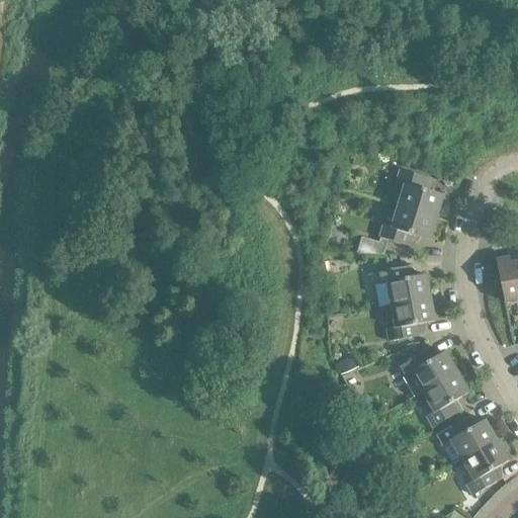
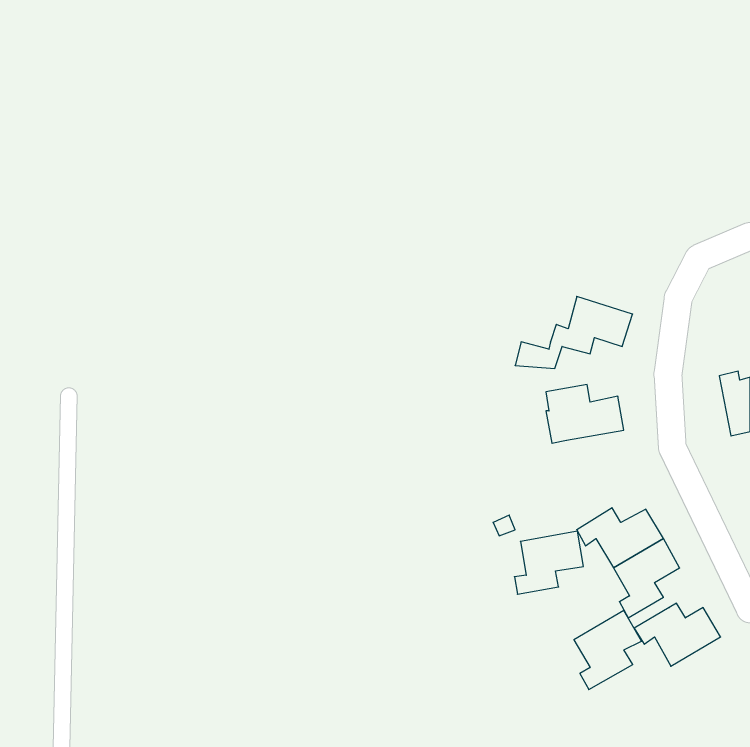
building: [397,168,443,217] -> none
building: [386,296,434,340] -> [514,531,583,594]
building: [462,439,509,494] -> [574,610,642,690]

